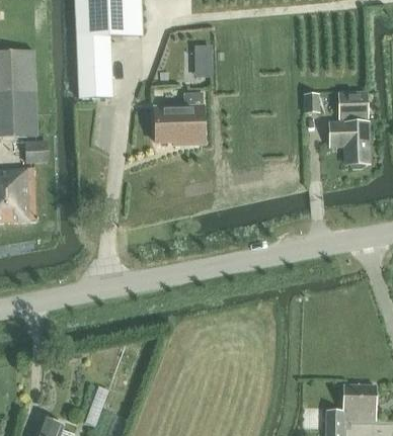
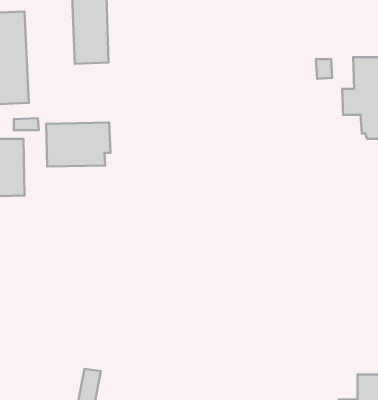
building: [194,43,213,76] -> none
building: [155,92,205,142] -> none
building: none -> [46,122,111,167]

